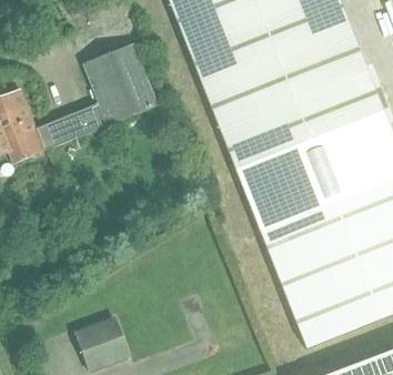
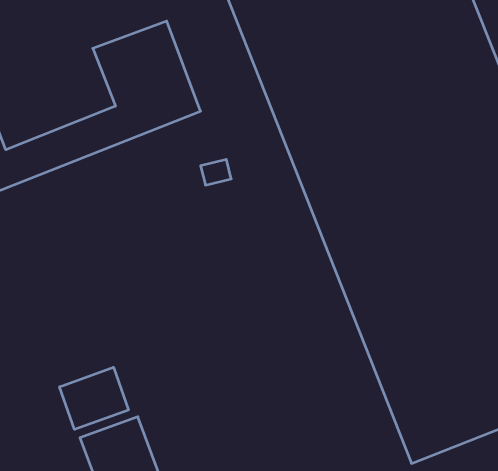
building: none -> [60,367,128,429]

